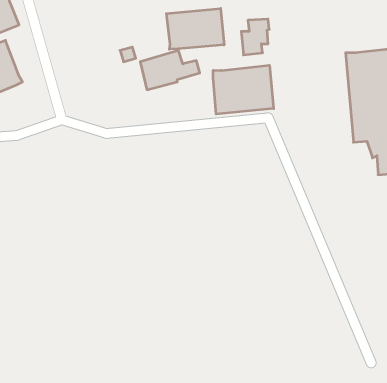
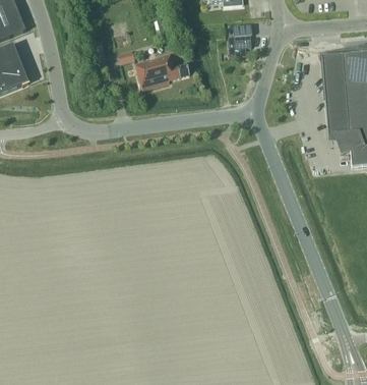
building: [166,8,224,49] -> none
building: [213,65,274,114] -> none

